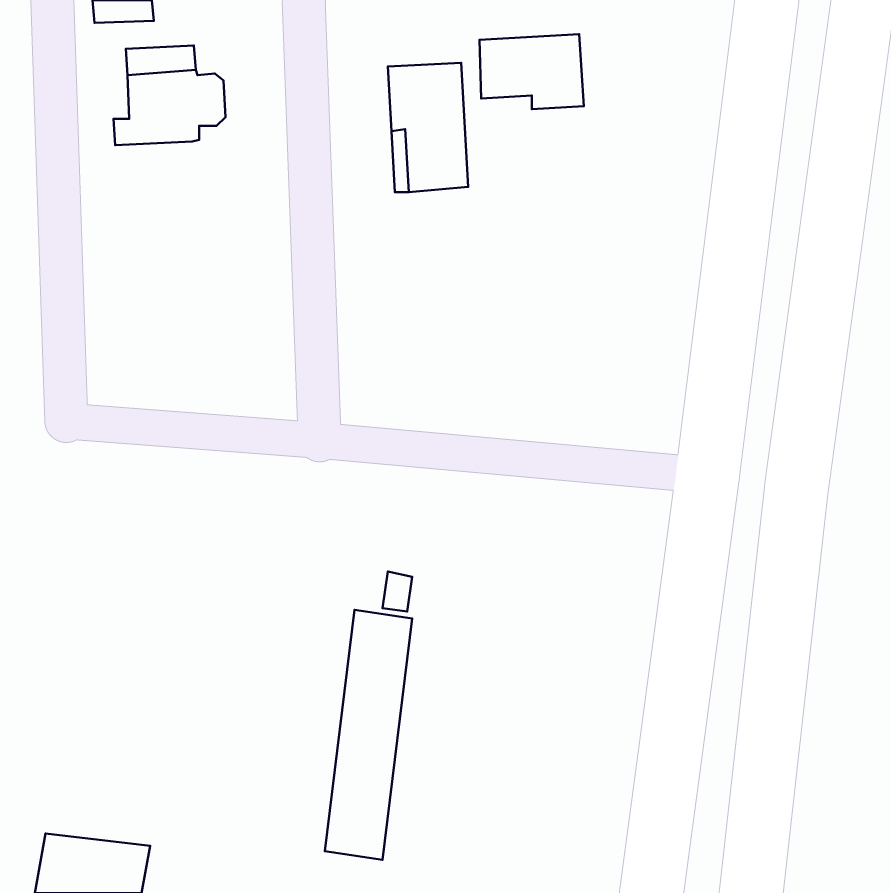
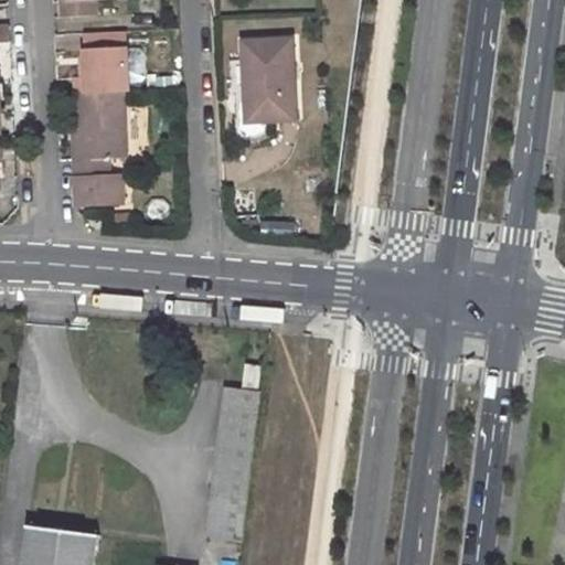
building: [480,34,584,109] -> none
building: none -> [71,89,125,203]

